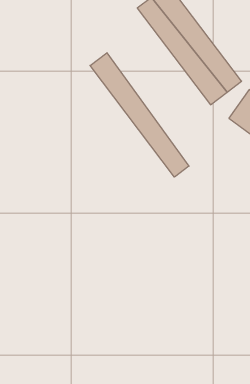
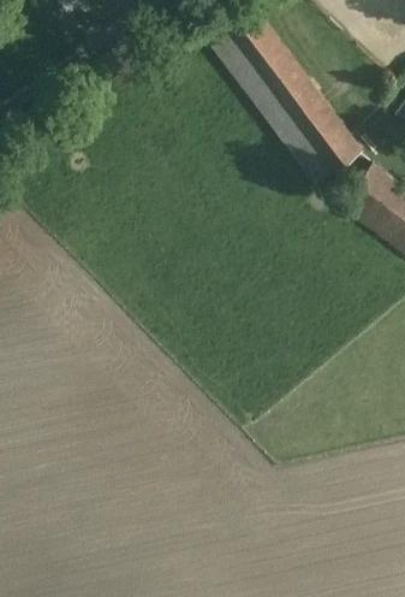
building: [90,53,189,177] -> none

